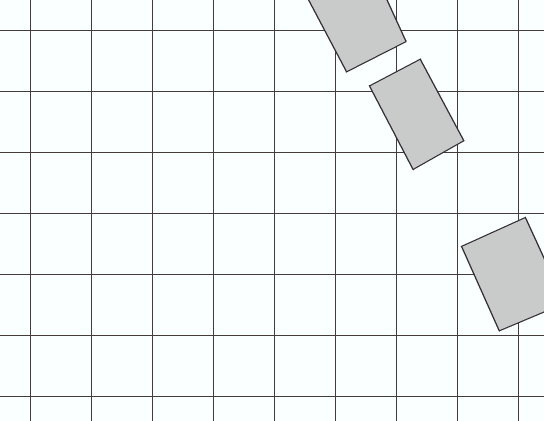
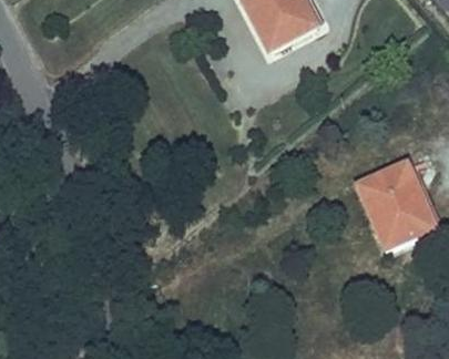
building: [369,59,464,170] -> none

